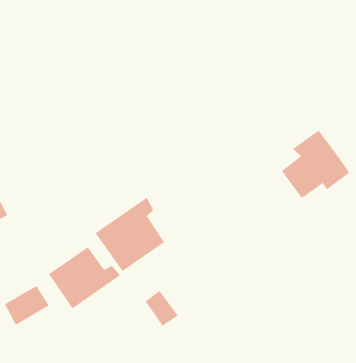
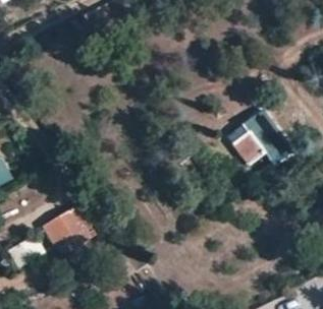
building: [95,197,165,272] -> none

